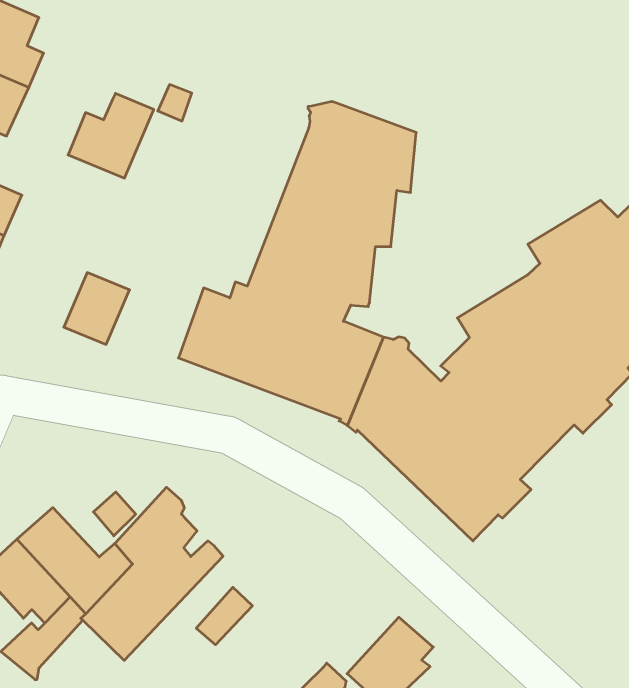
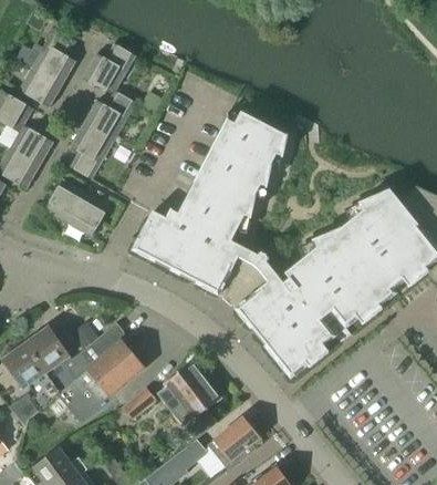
building: none -> [83,43,136,94]
building: none -> [70,123,114,179]
building: none -> [44,178,85,223]
building: none -> [156,362,218,440]

